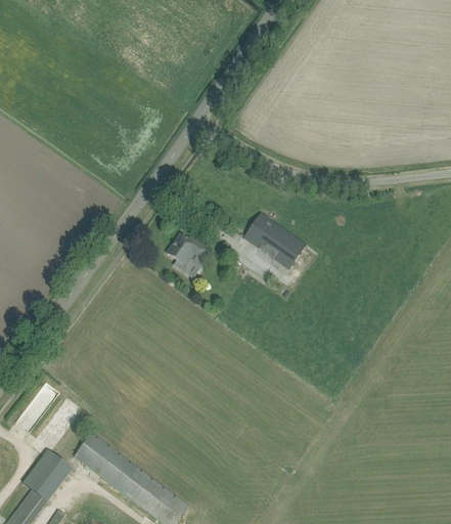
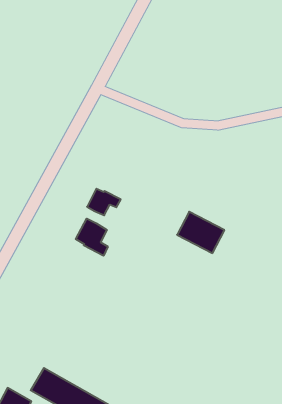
building: [243,213,299,264] -> [177,212,224,253]
building: none -> [76,219,108,256]

